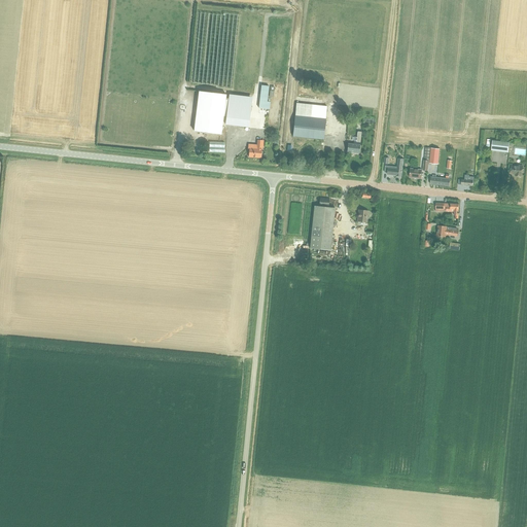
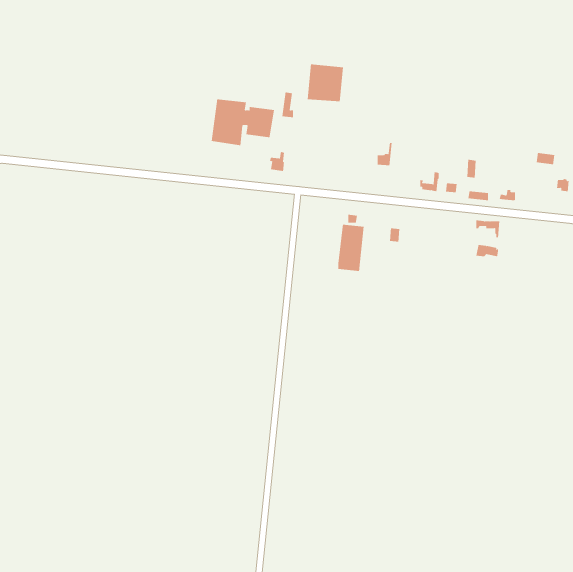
building: [291,103,325,138] -> [307,64,344,102]

